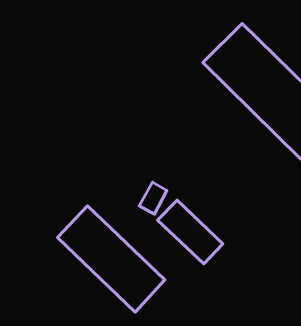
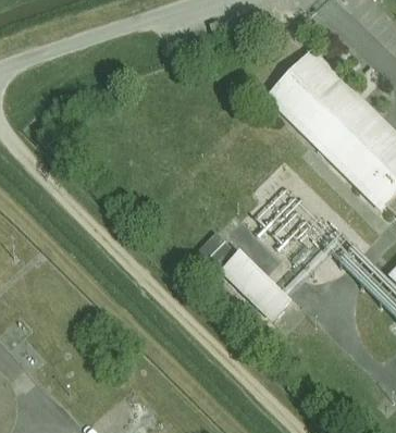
building: [57,206,165,312] -> none

